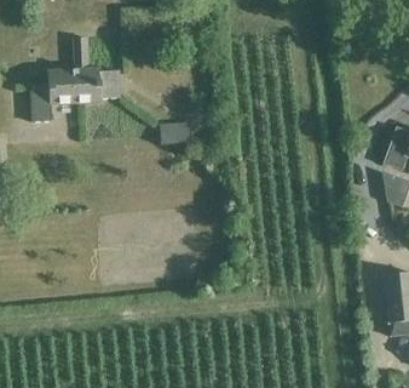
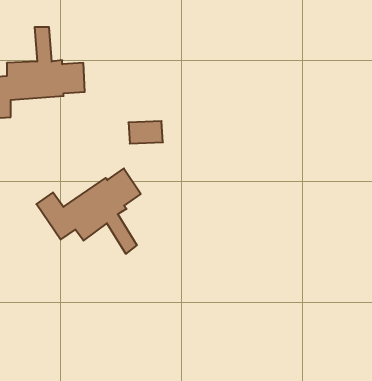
building: none -> [36,168,141,254]

